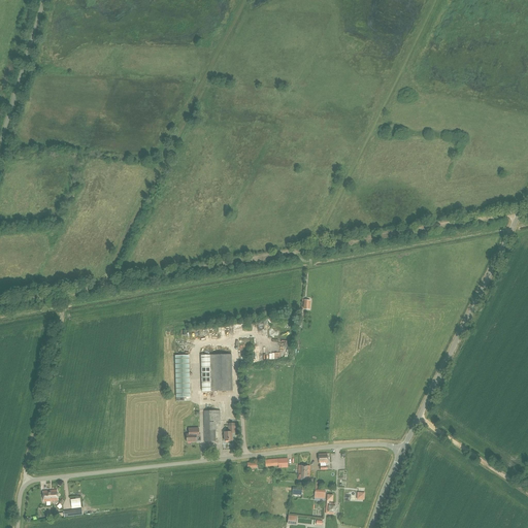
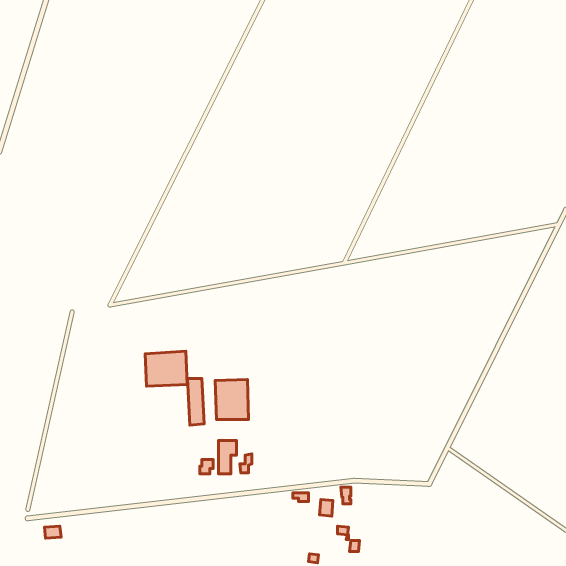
building: none -> [145,351,187,386]

